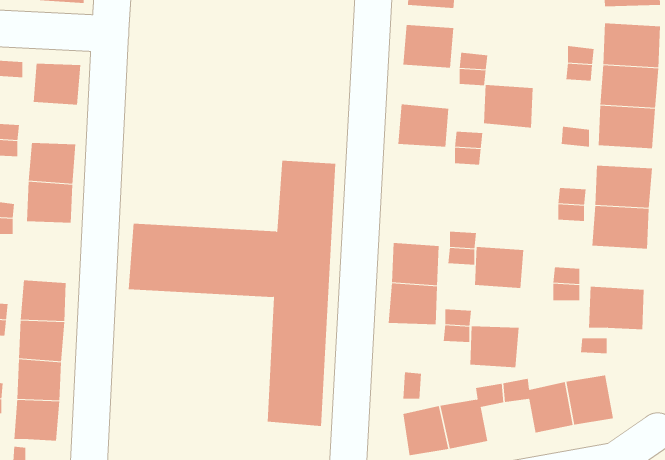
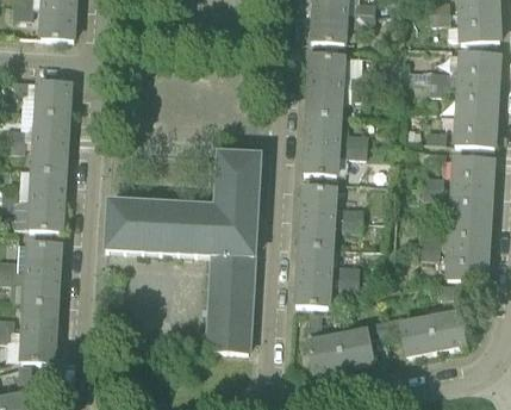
building: [483,85,533,128] -> [307,83,344,116]
building: none -> [35,111,69,142]
building: none -> [304,142,341,174]
building: none -> [29,199,64,230]
building: none -> [447,217,490,249]
building: [474,247,524,289] -> [301,186,338,217]
building: [469,326,519,368] -> [297,274,334,305]

